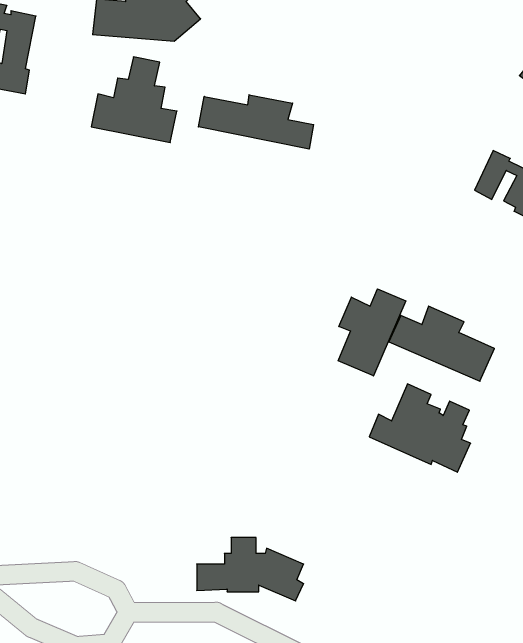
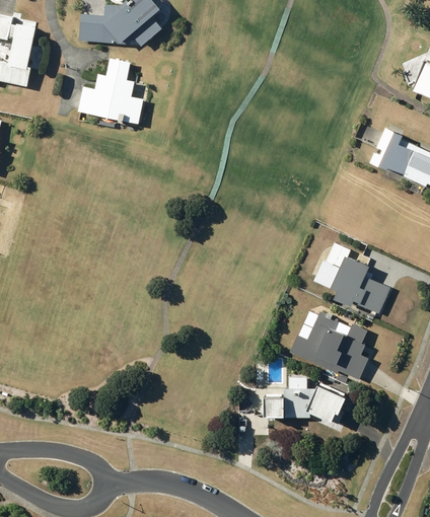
building: [198,95,314,149] -> none
building: [338,289,406,376] -> none
building: [197,538,304,601] -> [263,377,345,426]

